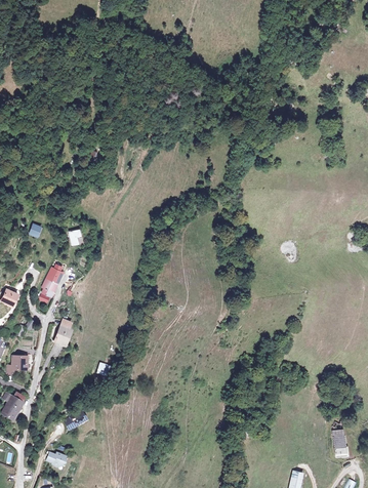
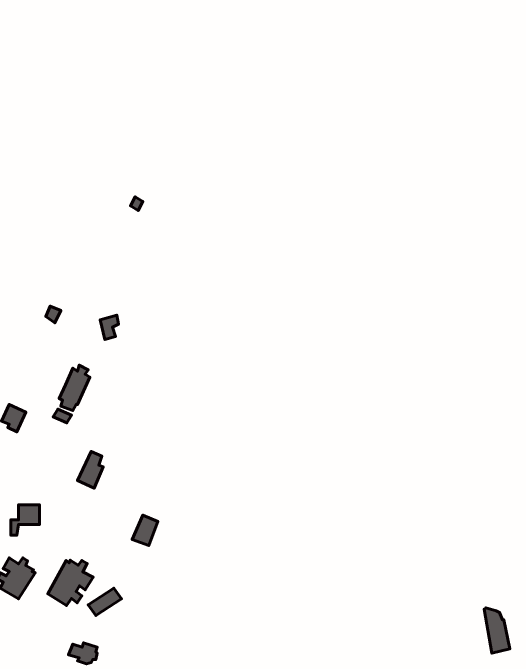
building: none -> [48,560,93,605]

